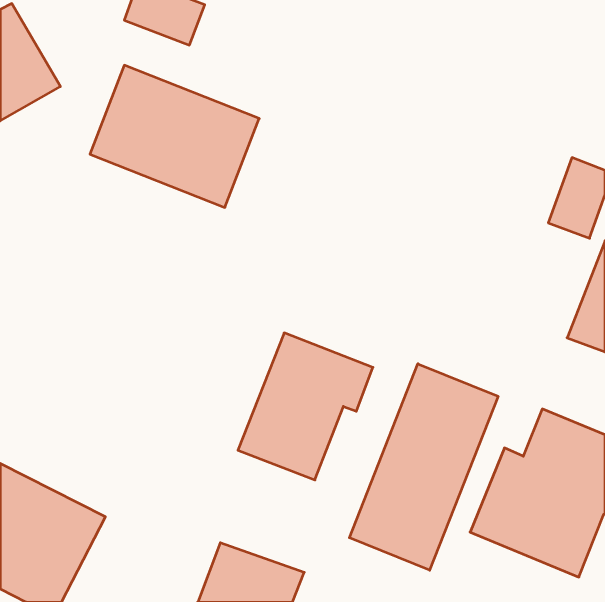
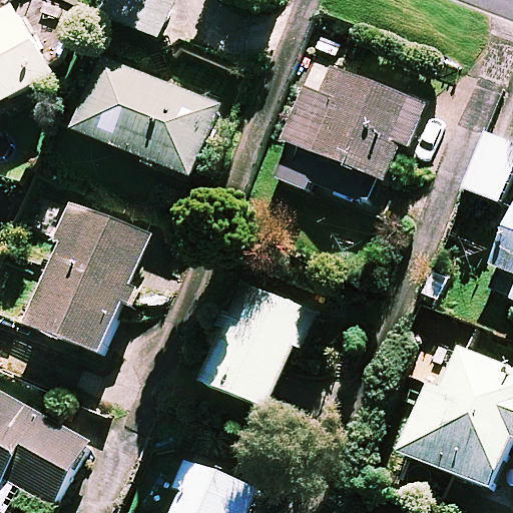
building: none -> [282,59,424,203]
building: none -> [27,204,149,354]
building: [349,364,498,570] -> none

